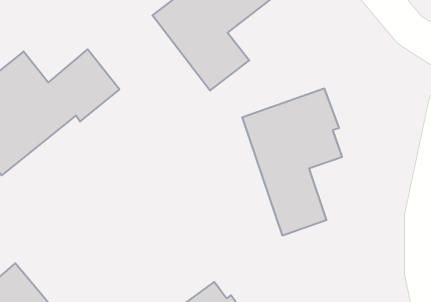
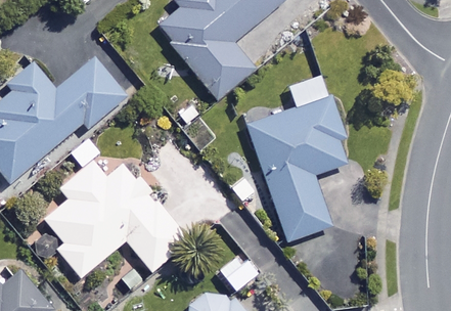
building: none -> [45,163,188,276]

